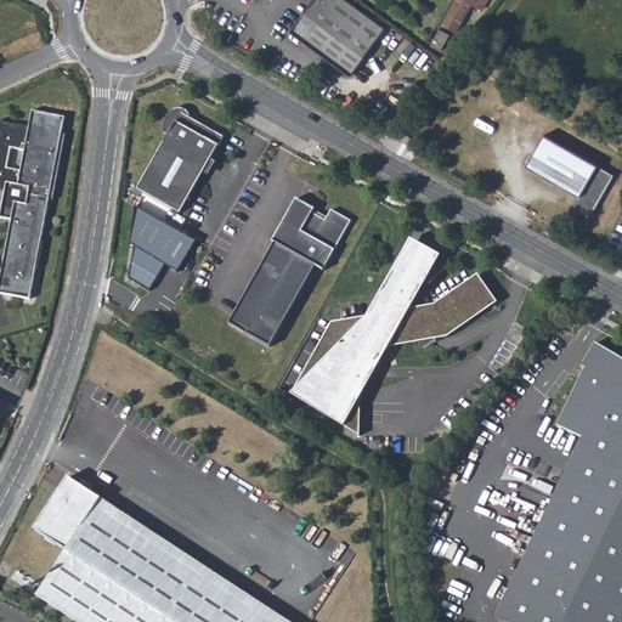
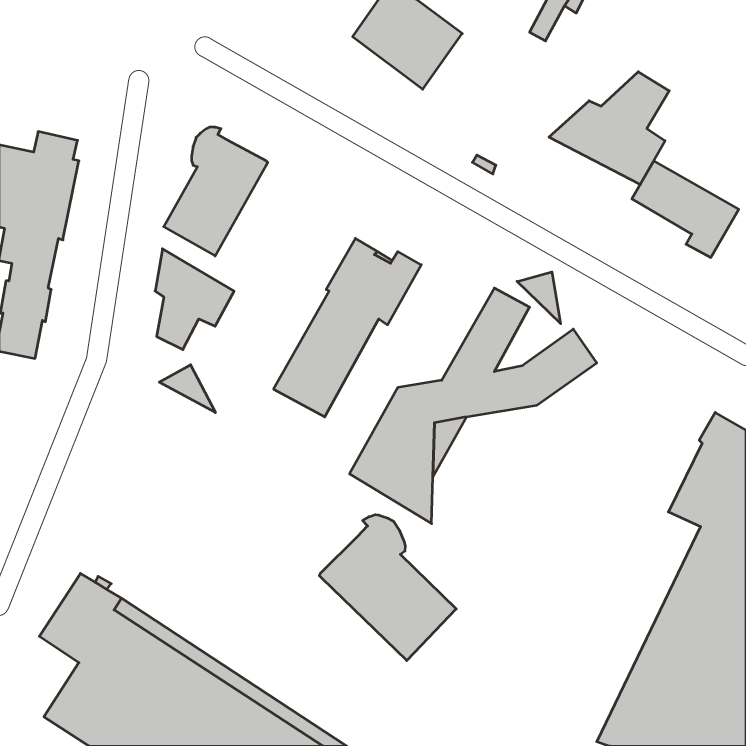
building: none -> [549,72,669,185]
building: none -> [517,272,561,324]
building: none -> [159,365,215,413]
building: none -> [319,515,456,661]

